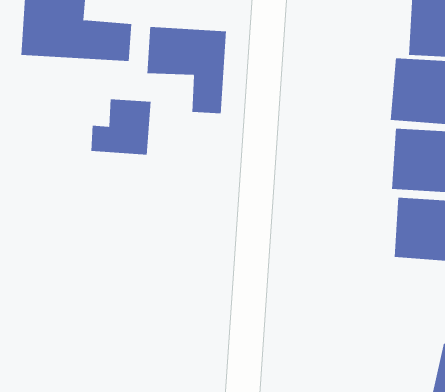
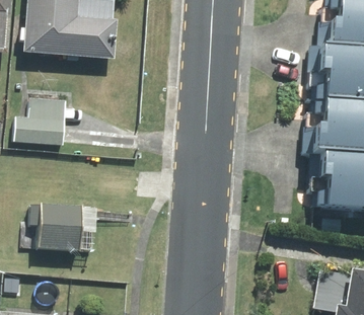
building: [147,26,227,114] -> none
building: [90,99,152,155] -> [17,99,65,143]
building: none -> [40,205,82,248]

